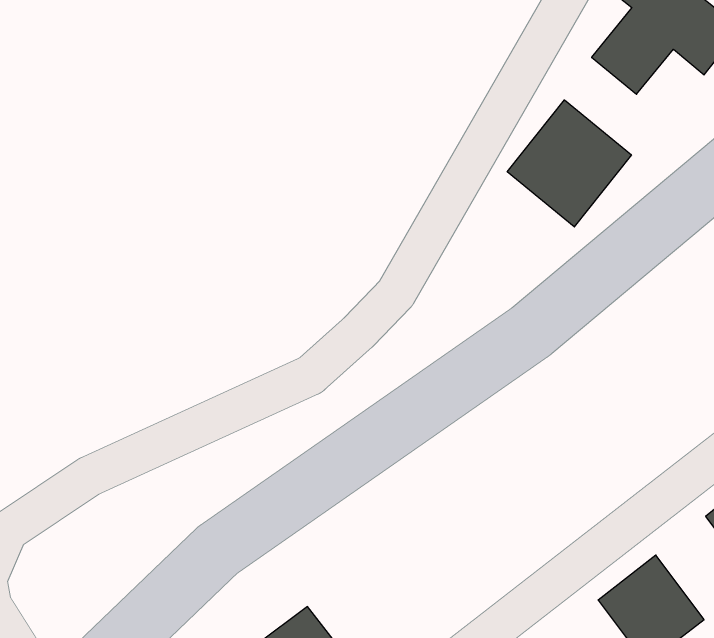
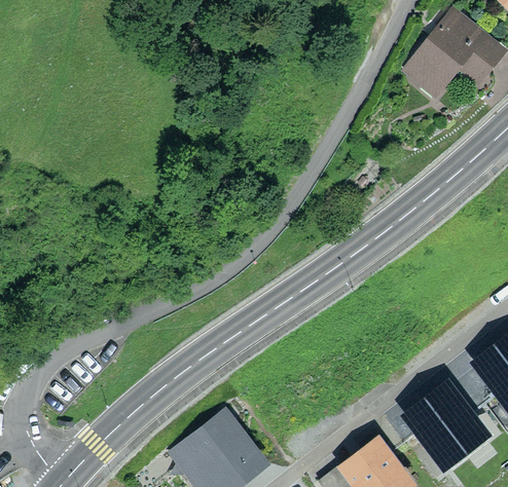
building: [507,100,631,227] -> none

